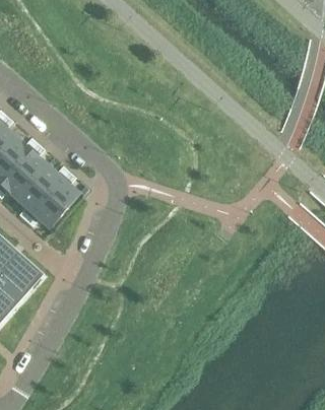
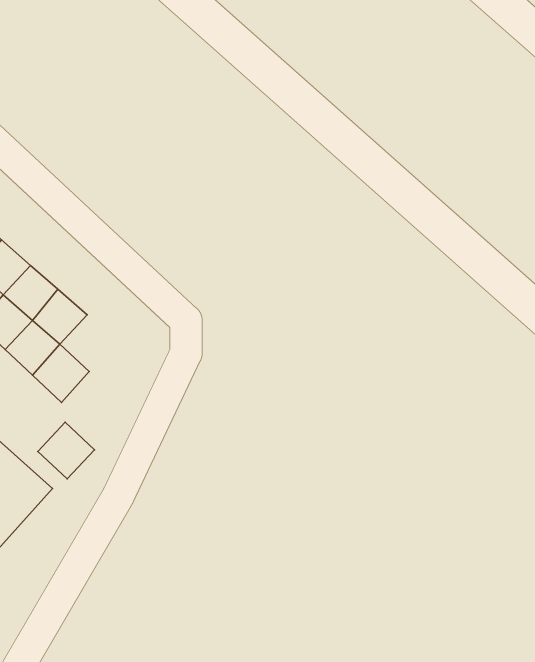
building: [47,178,78,209] -> [38,422,95,479]

